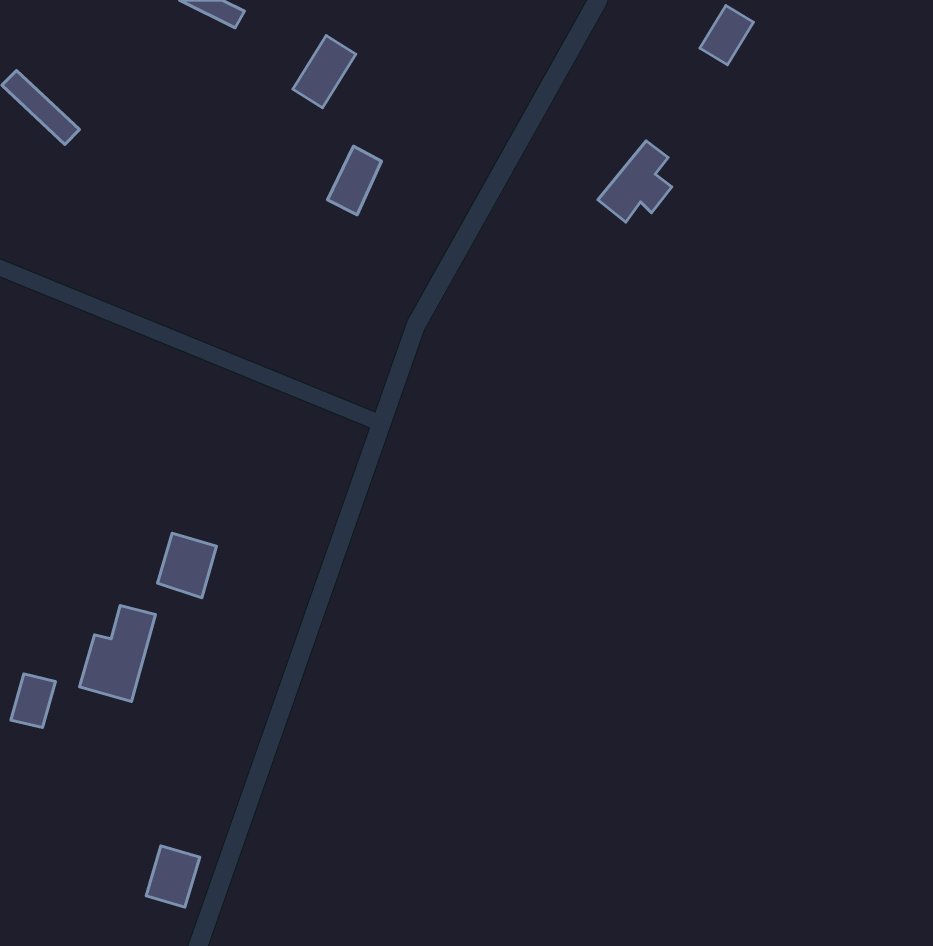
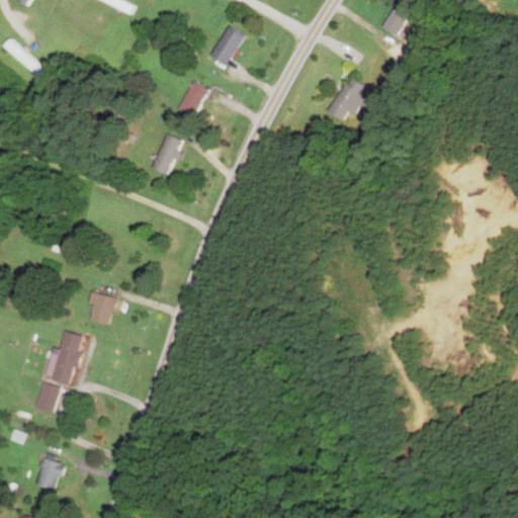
building: [293,36,356,108] -> [209,25,244,65]
building: none -> [153,135,181,170]
building: [11,674,55,728] -> [34,382,59,412]
building: [146,846,200,907] -> [35,457,65,491]

